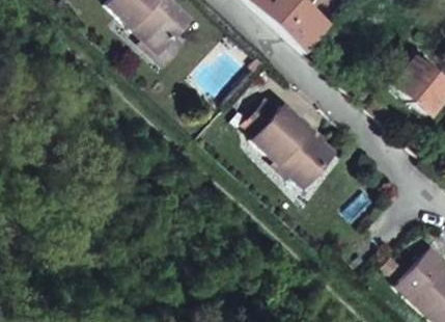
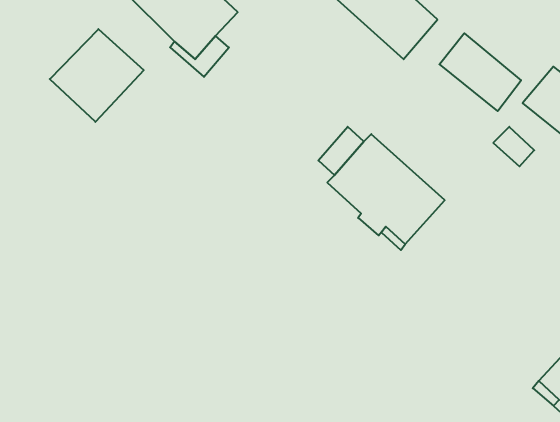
building: none -> [50,29,144,122]
building: none -> [439,33,521,111]

